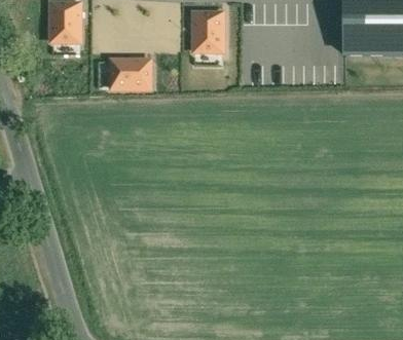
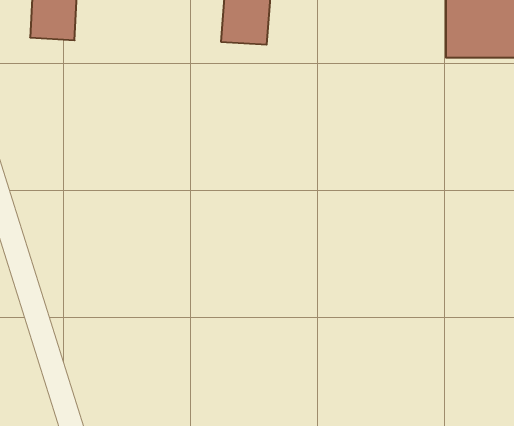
building: [105,51,148,89] -> none

